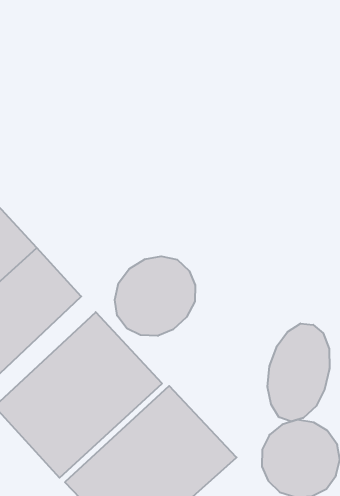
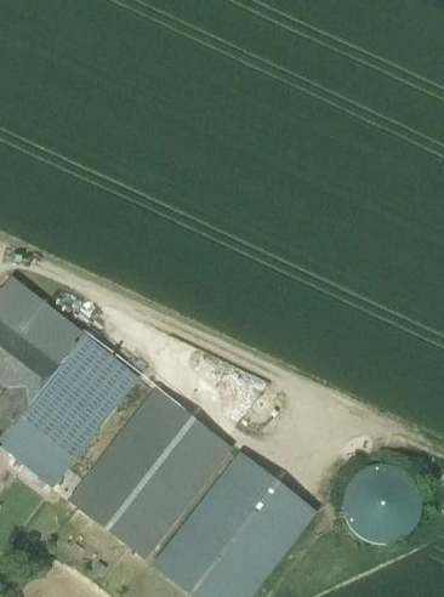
building: [115,256,195,336] -> none
building: [268,323,329,422] -> none

